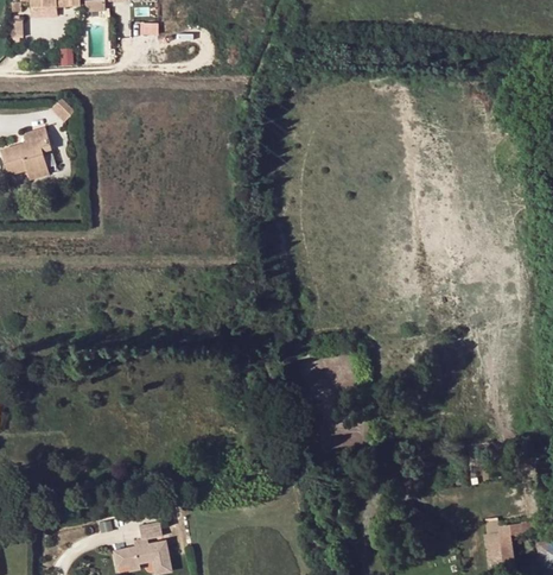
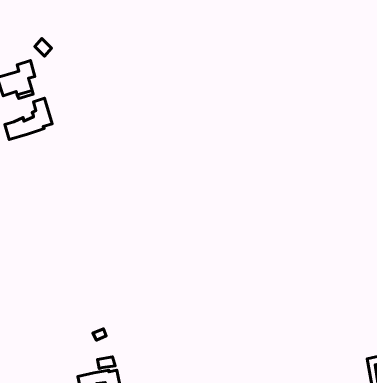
building: none -> [5,98,52,139]

